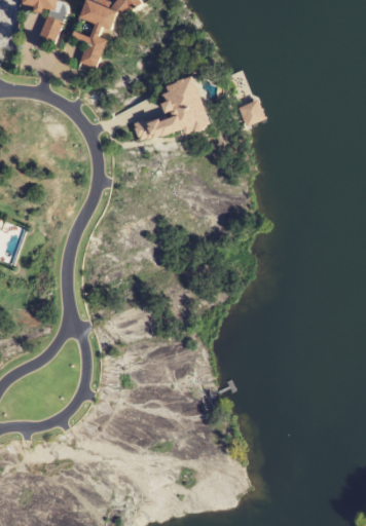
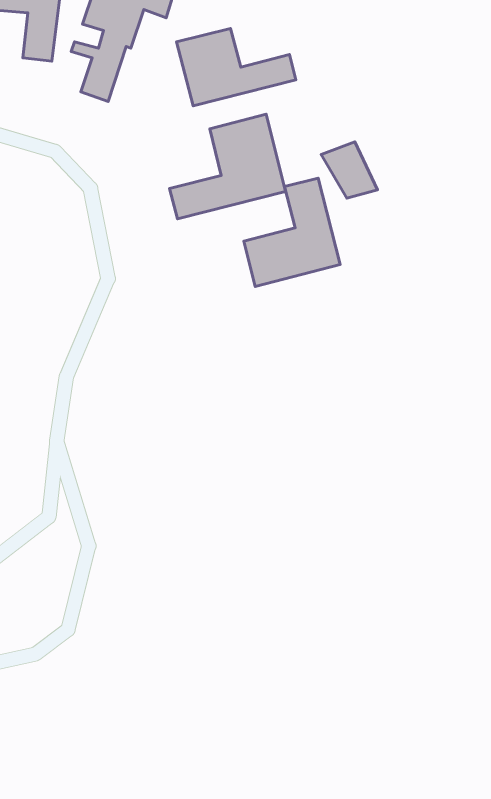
building: none -> [177,29,296,106]
building: none -> [244,178,340,286]

